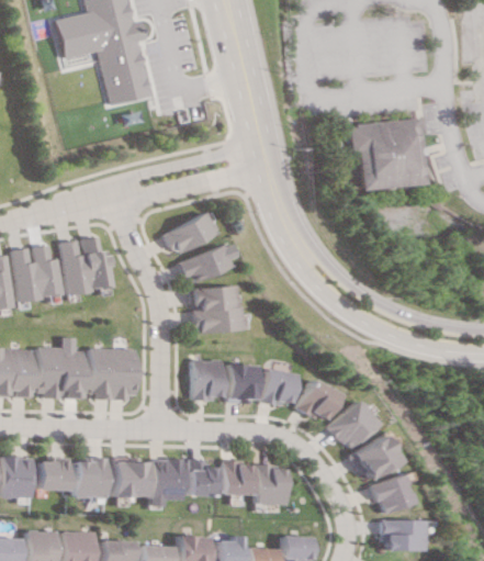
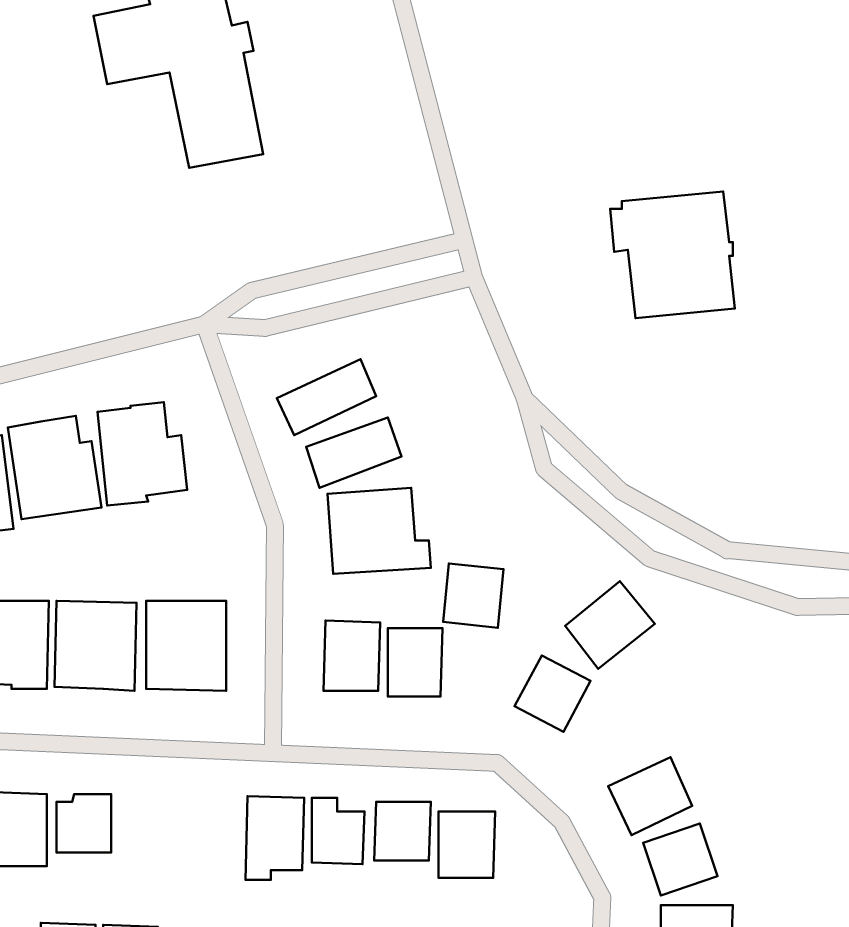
building: [260,370,294,406] -> [443,563,504,628]
building: [326,401,376,450] -> [565,581,655,669]
building: [72,458,103,498] -> none
building: [108,462,140,497] -> none

